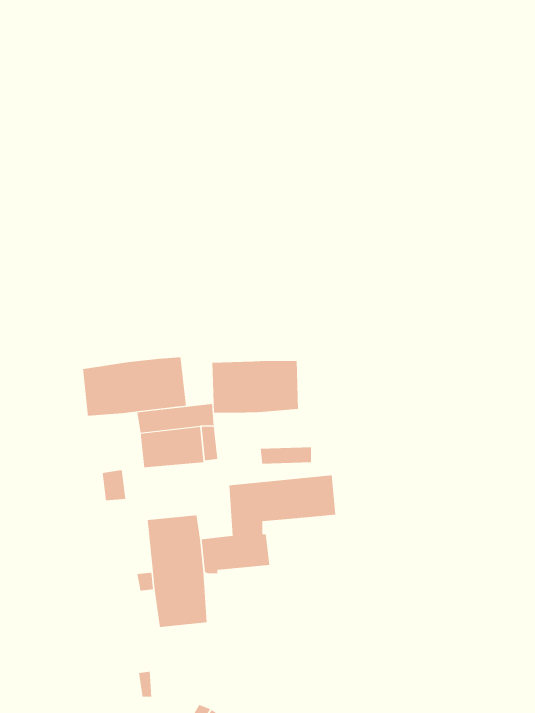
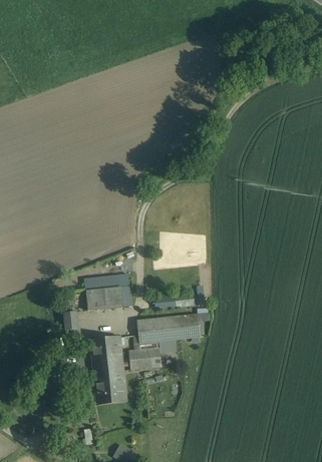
building: [82,356,187,417] -> none
building: [212,360,299,413] -> none

